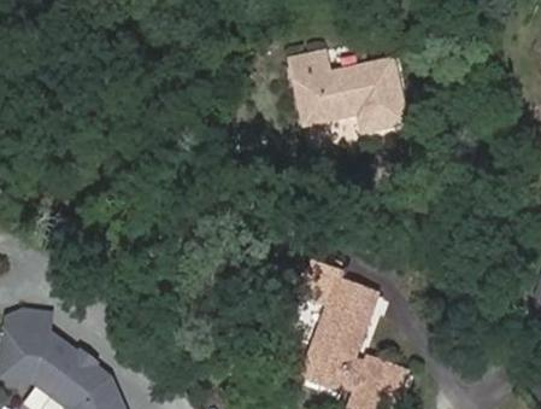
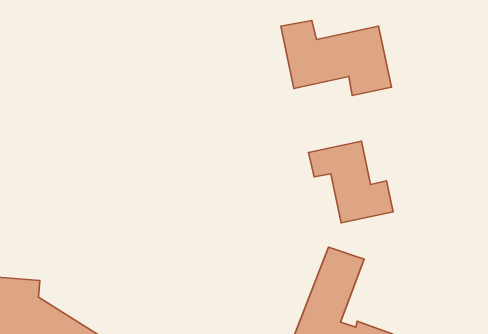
building: none -> [309,141,393,223]

